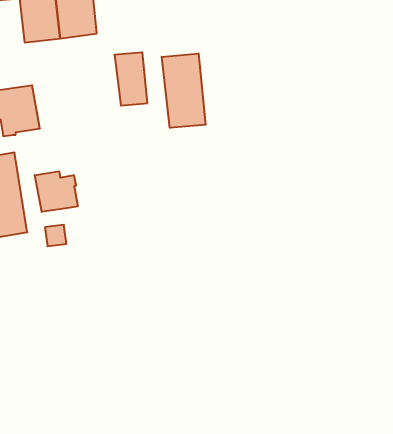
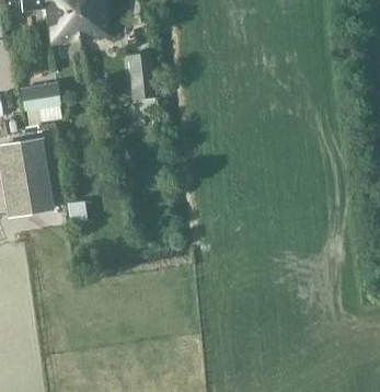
building: [162,53,206,128] -> none
building: [35,171,78,212] -> none

